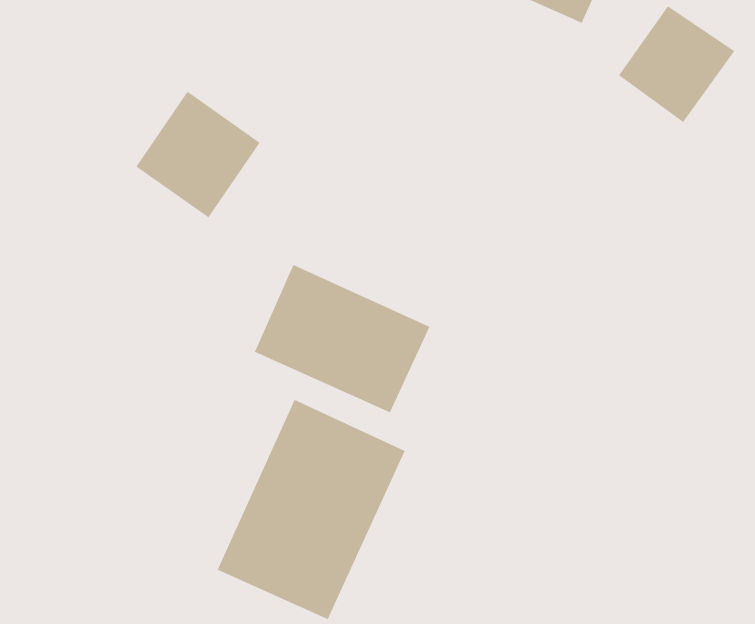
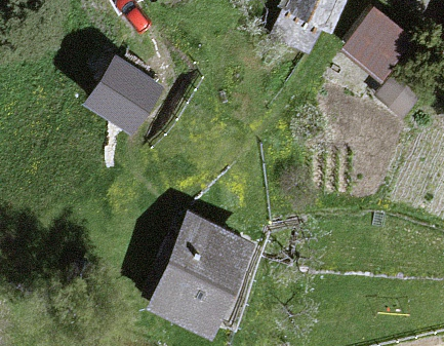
building: [254,264,430,413] -> none

